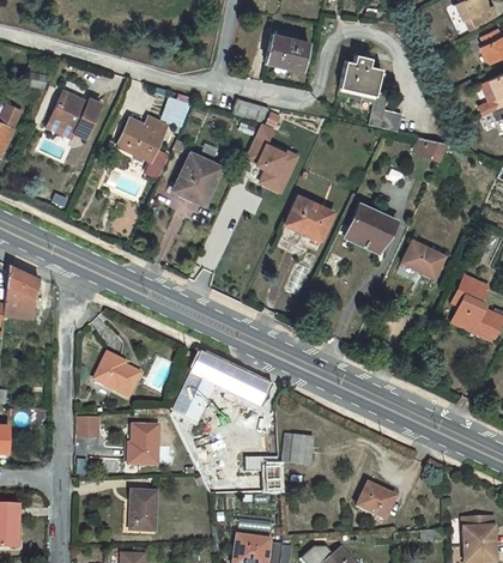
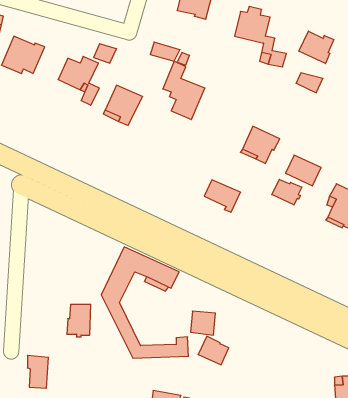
building: none -> [299,31,334,64]
building: [289,196,334,237] -> [204,180,241,212]
building: none -> [272,179,302,205]
building: [95,353,139,395] -> none
building: [75,416,102,437] -> none
building: [357,484,395,520] -> [198,336,229,365]
building: [131,491,157,532] -> [27,355,48,388]

